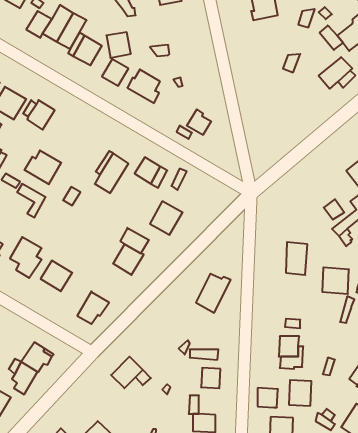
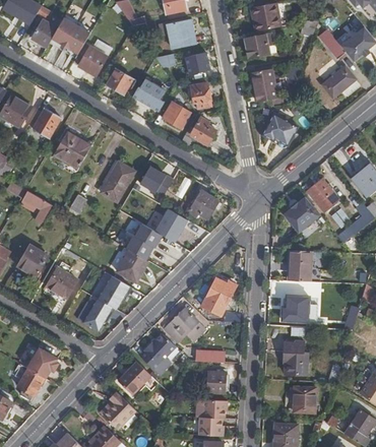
building: none -> [245,30,272,56]
building: [106,32,131,58] -> [168,20,192,46]
building: none -> [186,52,208,73]
building: none -> [250,67,273,100]
building: none -> [190,82,213,113]
building: none -> [163,101,190,128]
building: none -> [265,112,299,143]
building: [24,150,61,184] -> [54,132,90,166]
building: none -> [306,178,337,210]
building: none -> [180,192,222,218]
building: none -> [283,197,318,233]
building: none -> [133,222,162,248]
building: [322,267,349,294] -> [286,294,312,320]
building: none -> [97,275,131,310]
building: none -> [164,311,202,342]
building: none -> [138,334,175,375]
building: [258,388,278,407] -> [203,401,224,421]
building: none -> [99,395,134,431]

